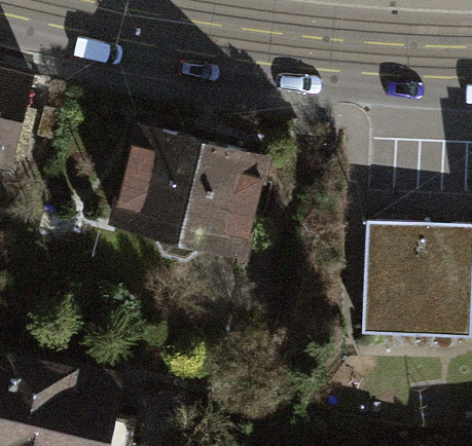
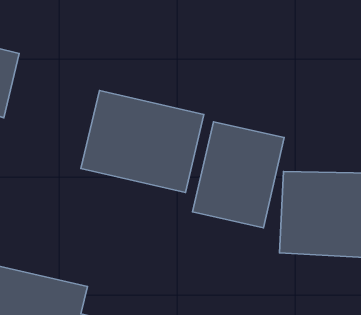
building: none -> [193,122,284,228]

